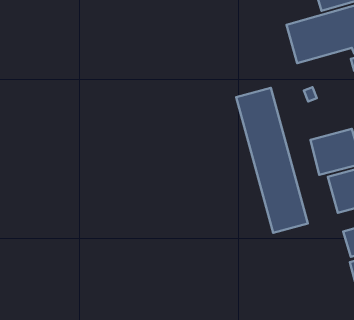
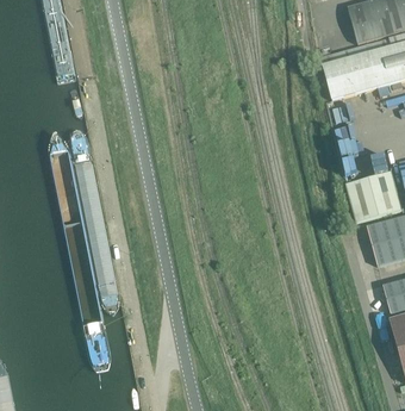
building: [236,88,308,233] -> none

